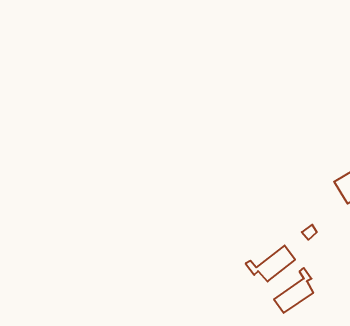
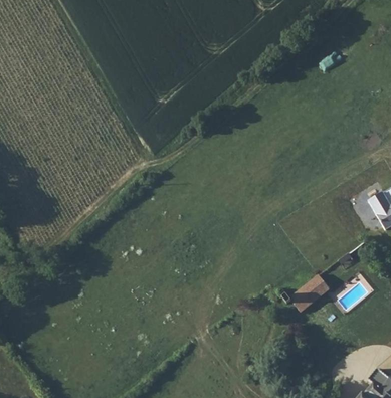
building: [274,268,313,313] -> none

